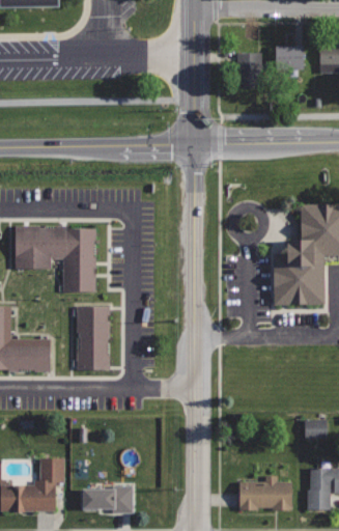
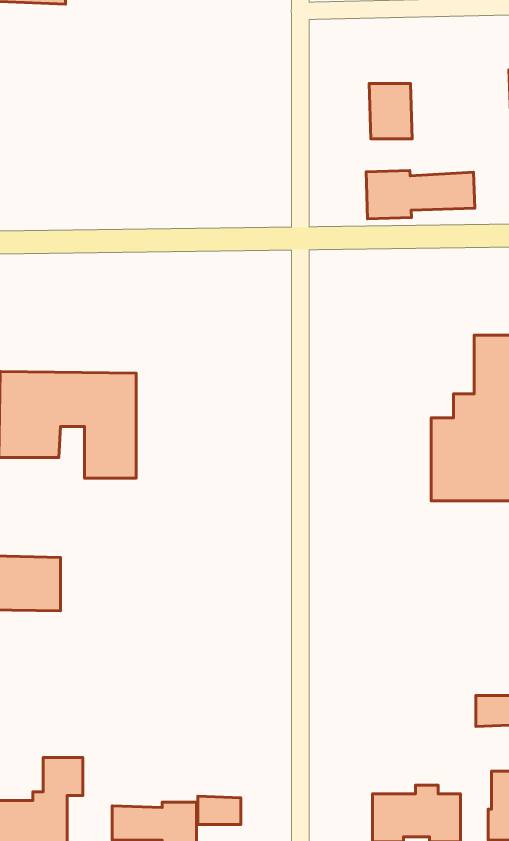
building: [275,47,304,69] -> none
building: none -> [366,171,475,219]
building: [74,307,112,370] -> none
building: none -> [198,796,241,824]

